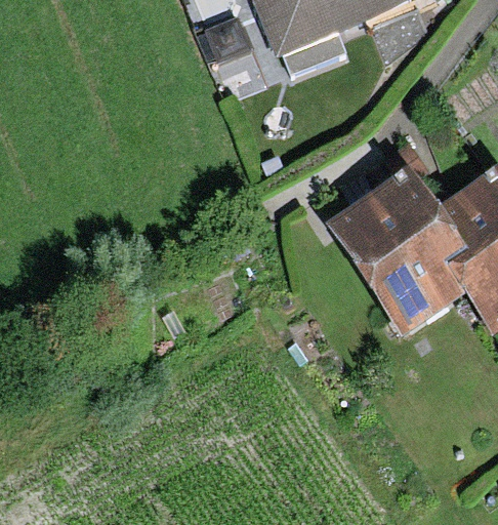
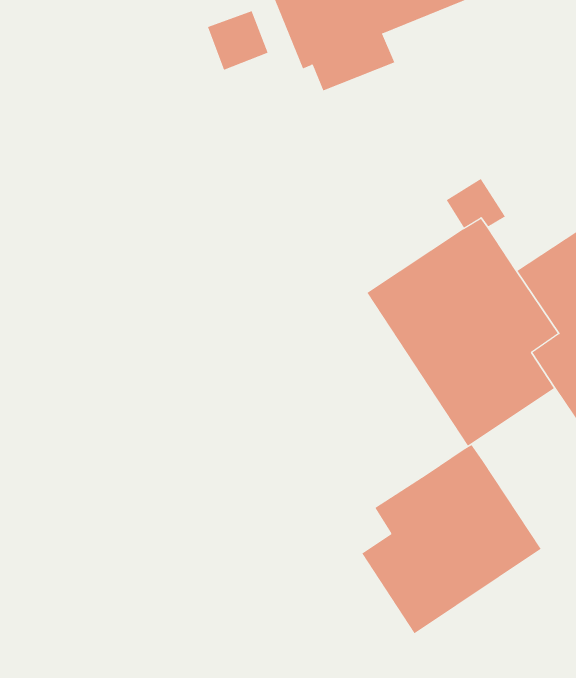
building: none -> [362,444,542,634]

